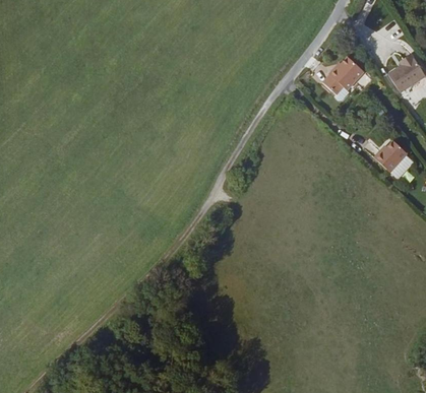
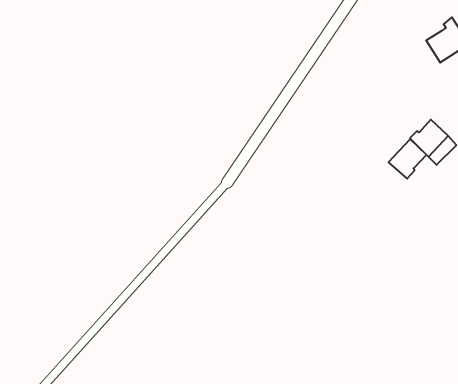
building: [323,56,362,101] -> none
building: none -> [389,139,427,179]

